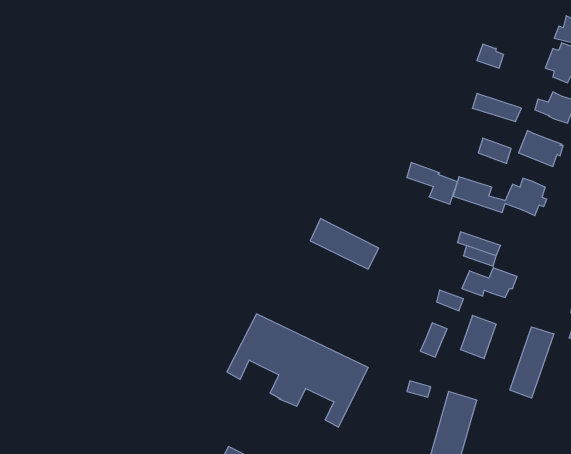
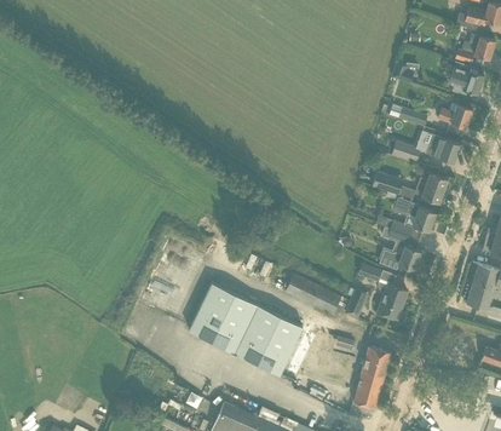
building: [407,163,457,204] -> [393,199,434,232]
building: [310,218,379,269] -> [284,275,340,316]
building: [510,327,554,398] -> none

